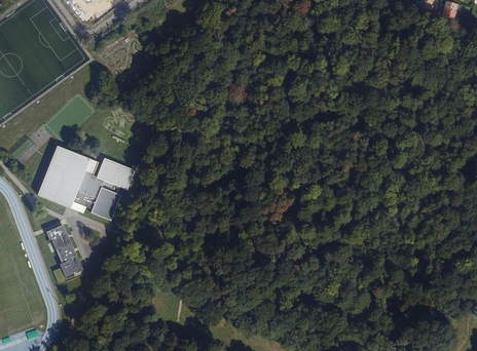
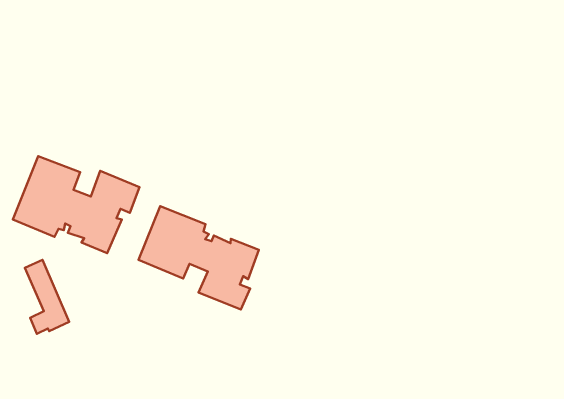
building: none -> [139,206,259,309]

